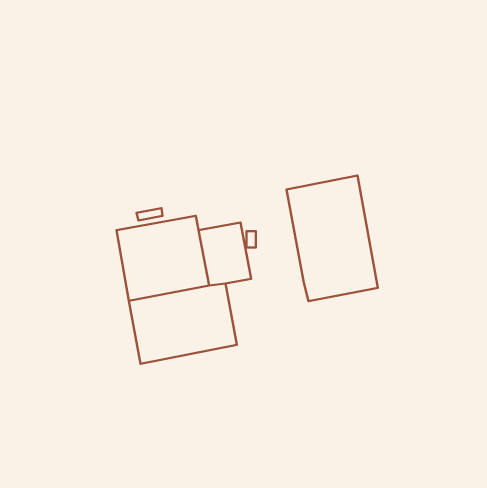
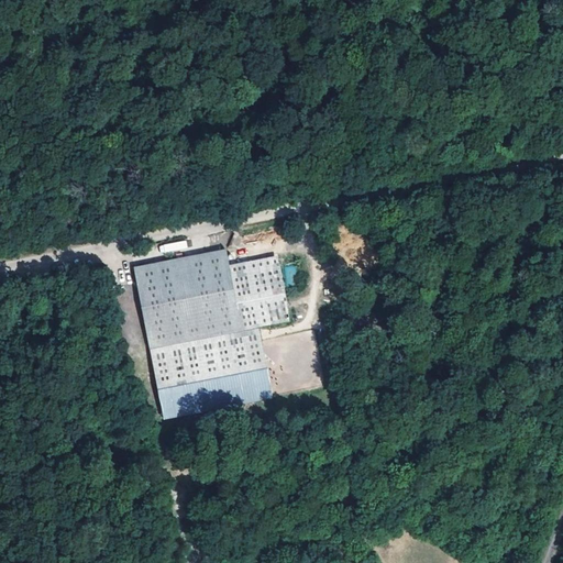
building: [286,176,378,301] -> none

